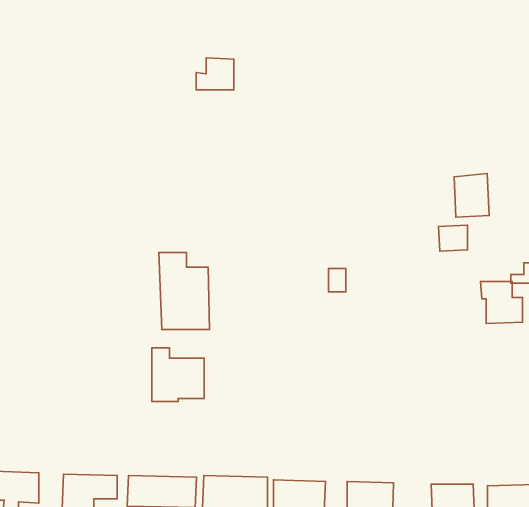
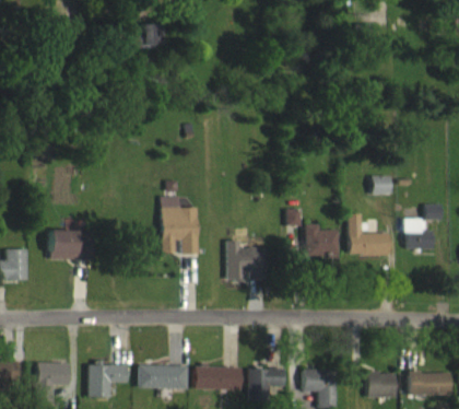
building: [196,58,234,90] -> [136,22,164,46]
building: [454,173,489,217] -> none
building: none -> [349,213,393,257]
building: none -> [305,224,341,258]
building: none -> [50,231,94,260]
building: [152,348,204,401] -> [227,241,267,281]

